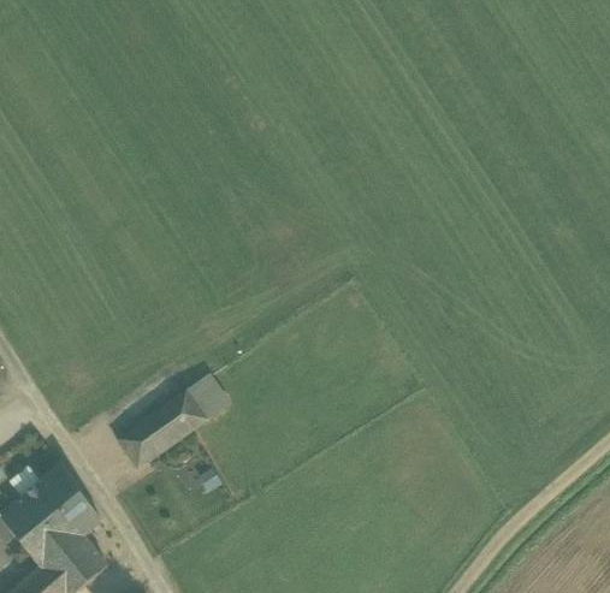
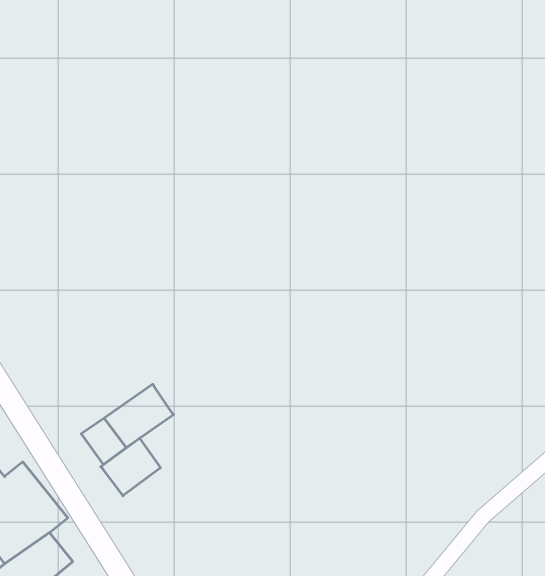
building: [189,379,226,419] -> none
building: none -> [101,438,160,496]

